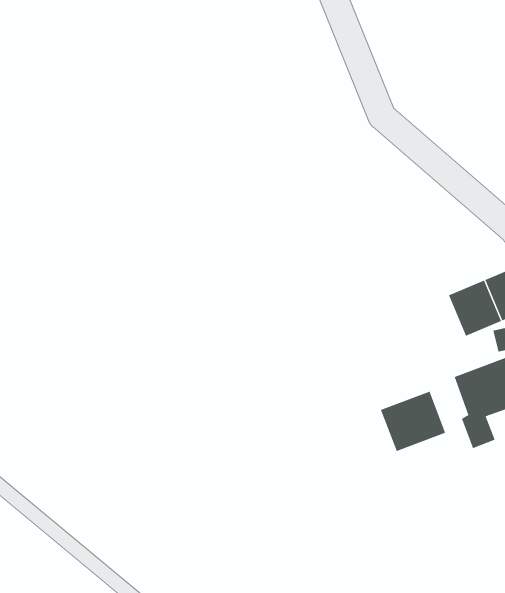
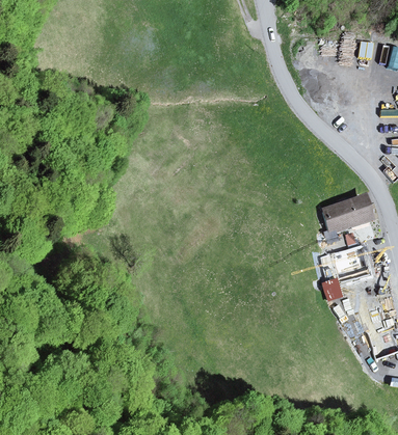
building: [380,391,446,452] -> none

